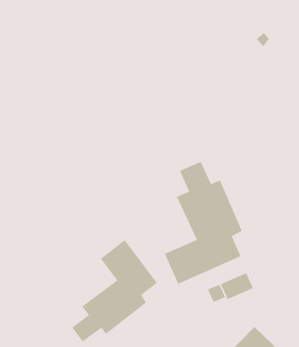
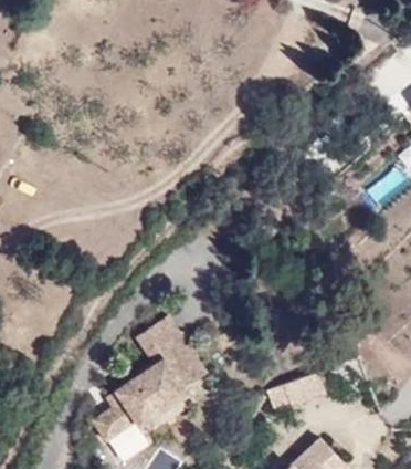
building: [164,161,243,285] -> none

